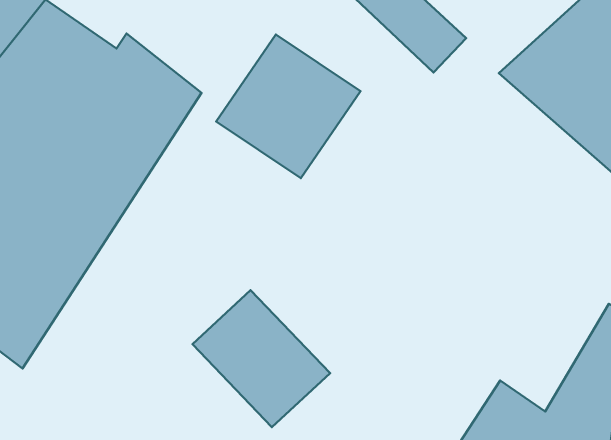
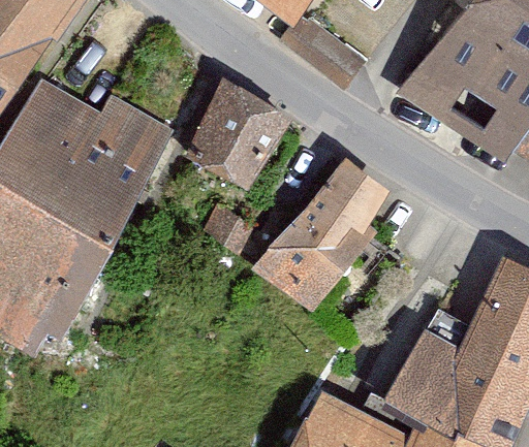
building: none -> [256,154,395,313]
building: [192,290,330,427] -> none

